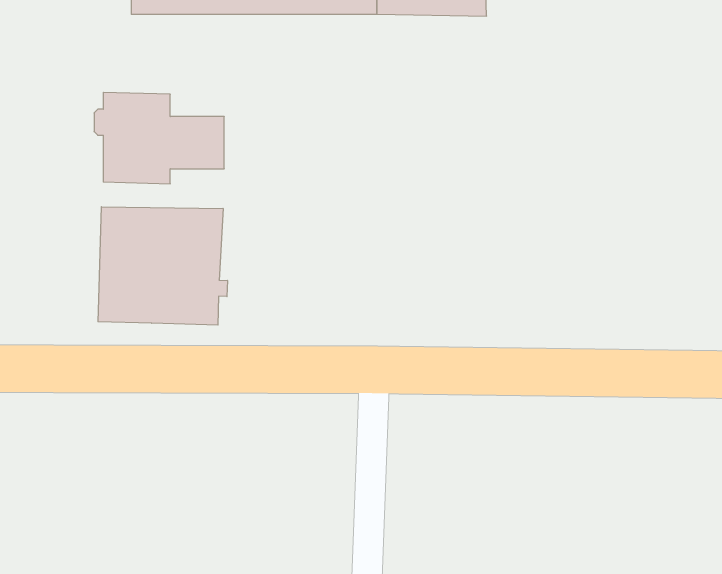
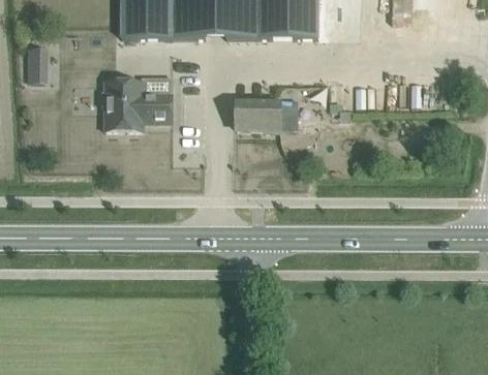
building: none -> [236,99,297,130]
building: [98,207,227,325] -> none

